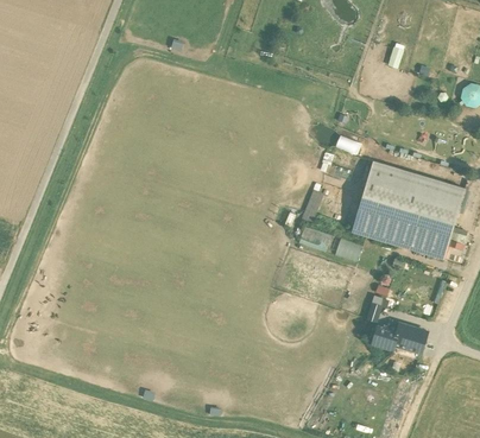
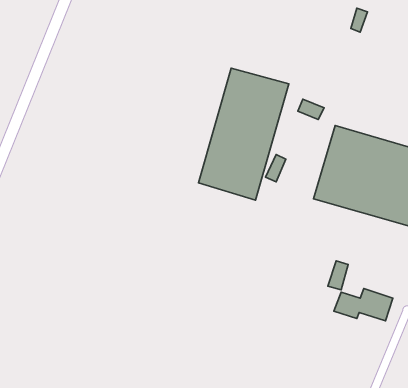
building: none -> [198,68,289,200]

